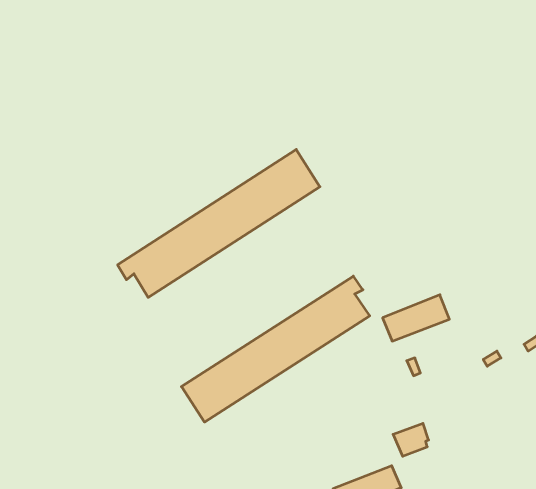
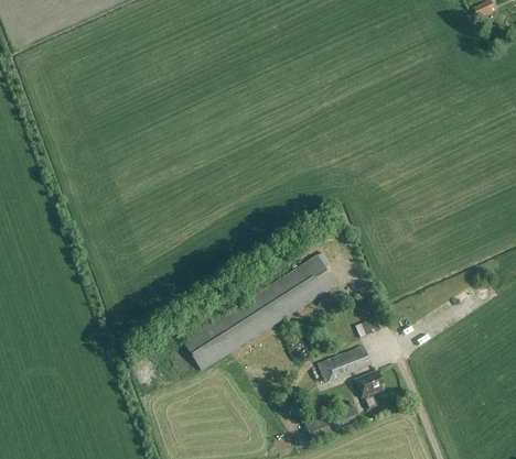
building: [118,149,320,297] -> none
building: [383,295,449,341] -> [316,343,370,381]

